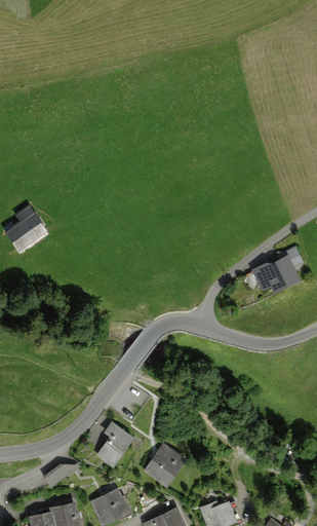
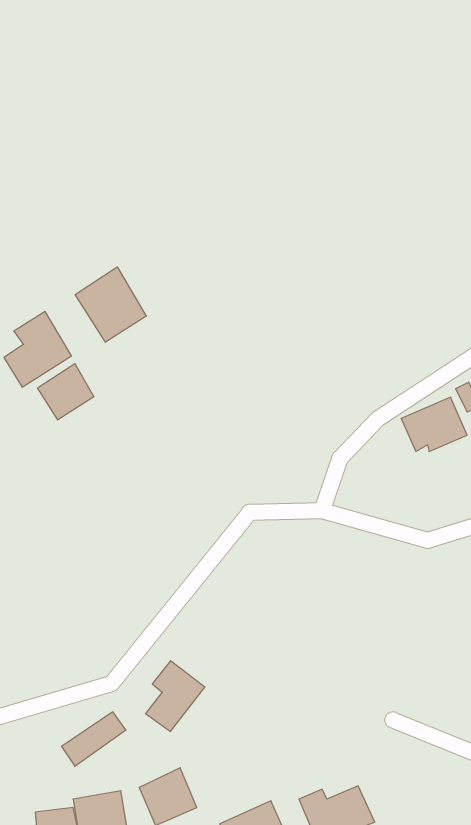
building: none -> [75,267,146,342]
building: none -> [38,364,94,420]
building: [145,445,182,484] -> none

